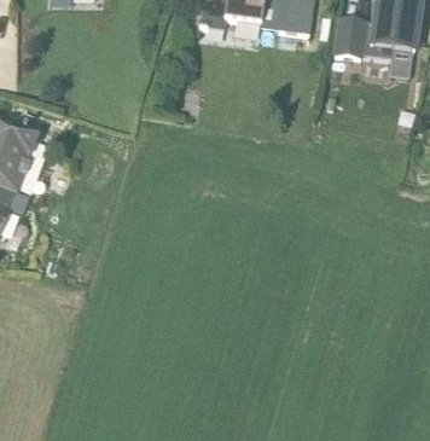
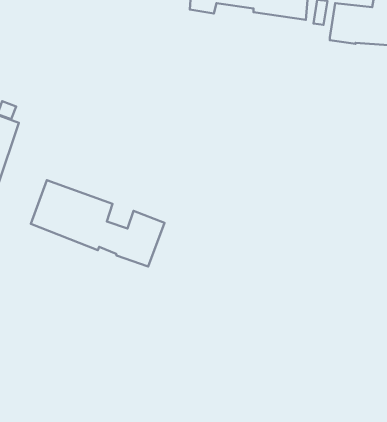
building: none -> [31,180,164,267]

